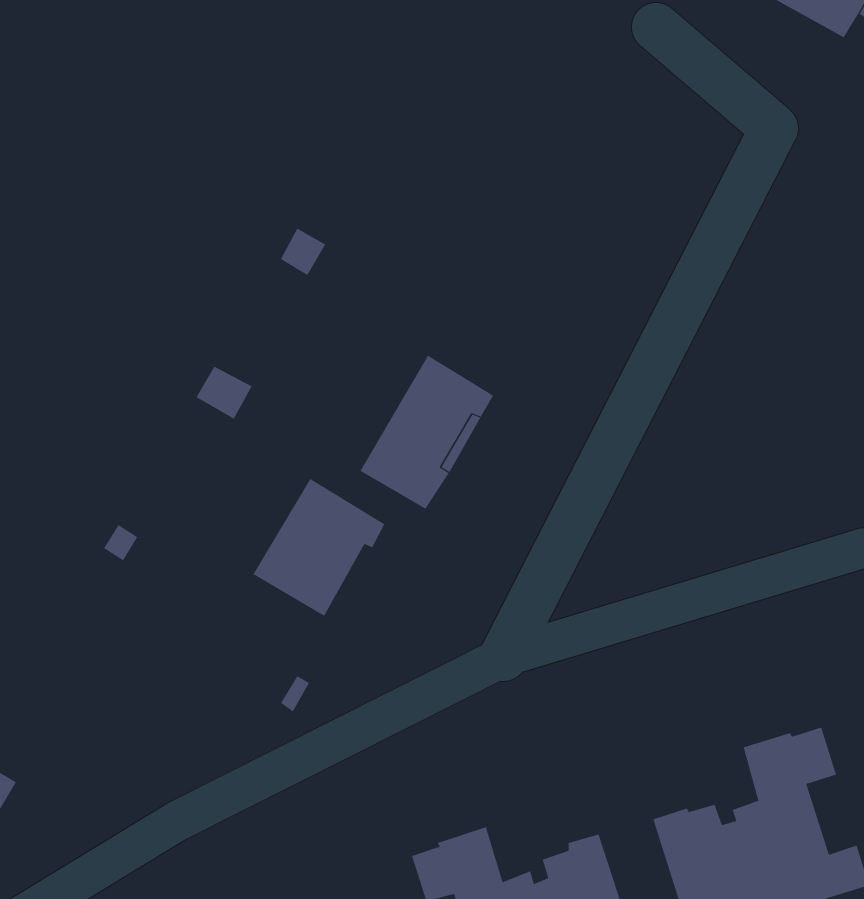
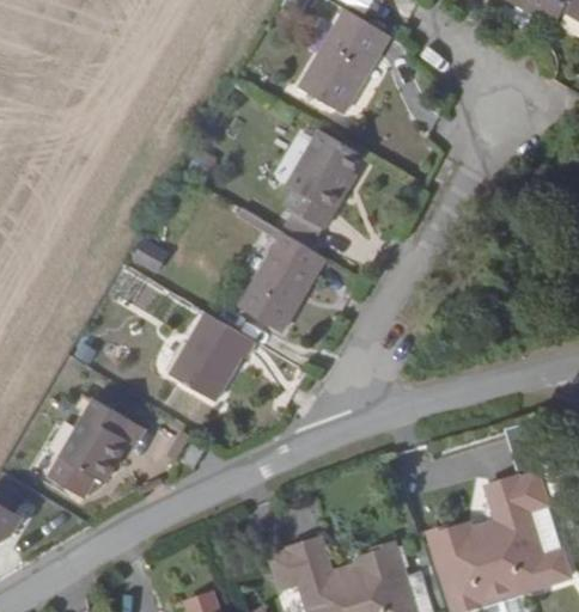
building: none -> [298,8,390,115]
building: none -> [284,129,364,230]
building: none -> [47,398,144,498]

